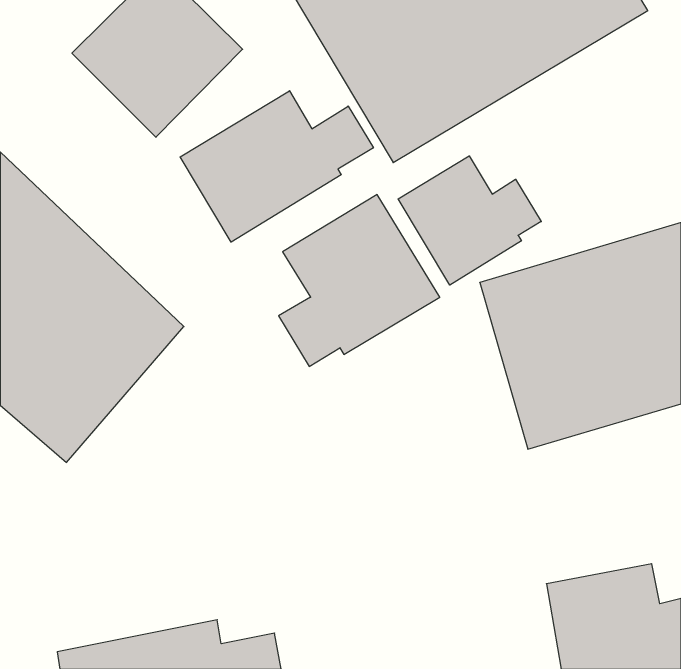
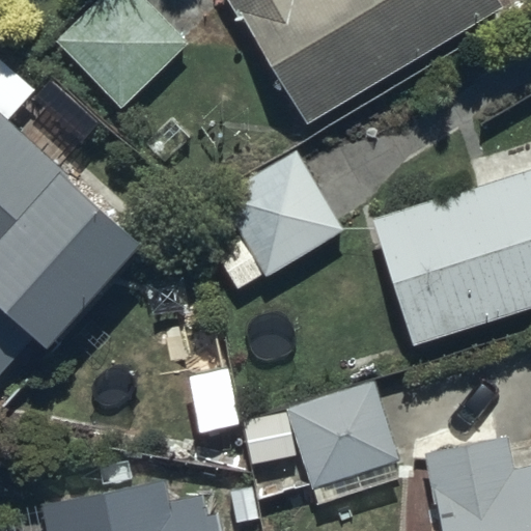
building: [180,91,373,242] -> none
building: [398,156,541,285] -> none
building: none -> [239,376,401,487]

